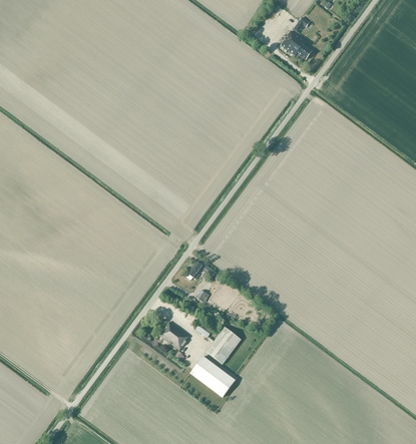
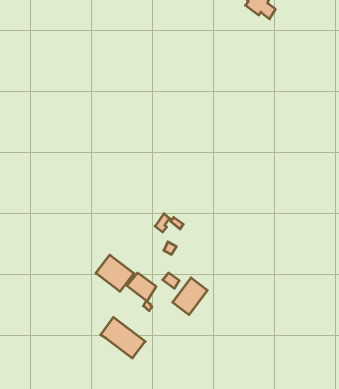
building: none -> [96,255,134,291]
building: [189,356,236,398] -> [101,317,145,358]

